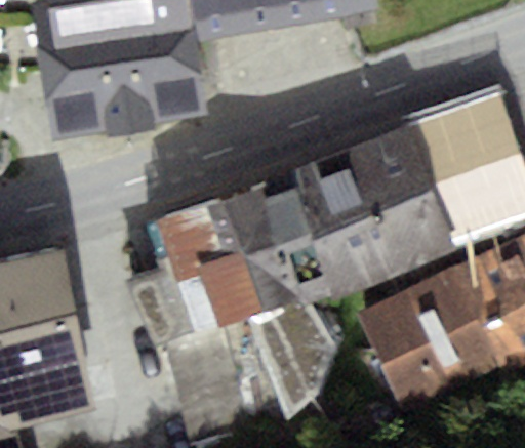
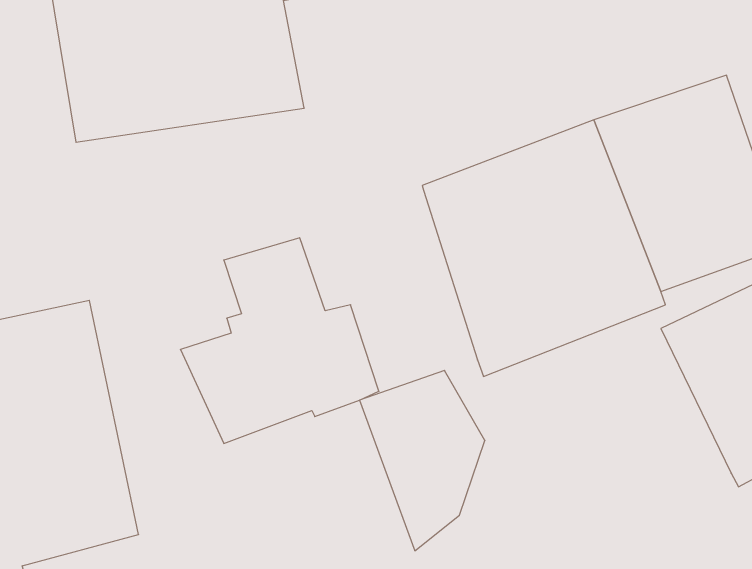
building: [207,171,329,310] -> none
building: [358,267,503,415] -> none

